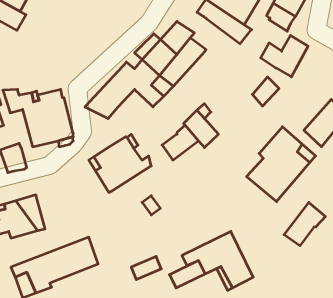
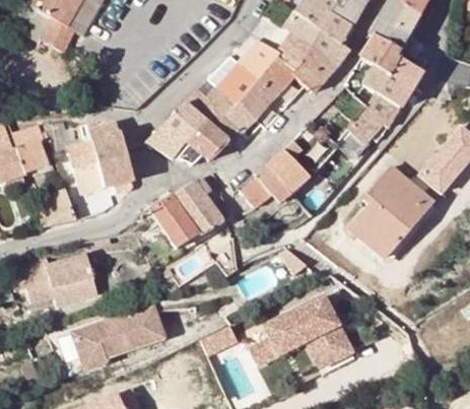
building: none -> [277,32,338,91]
building: none -> [361,37,400,75]
building: none -> [180,122,228,166]
building: [284,202,325,246] -> none

